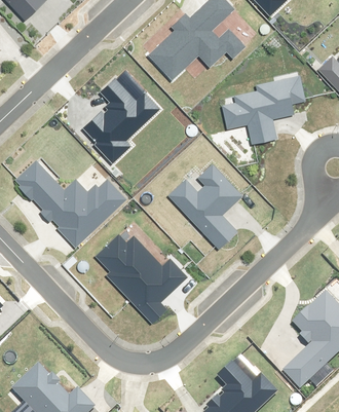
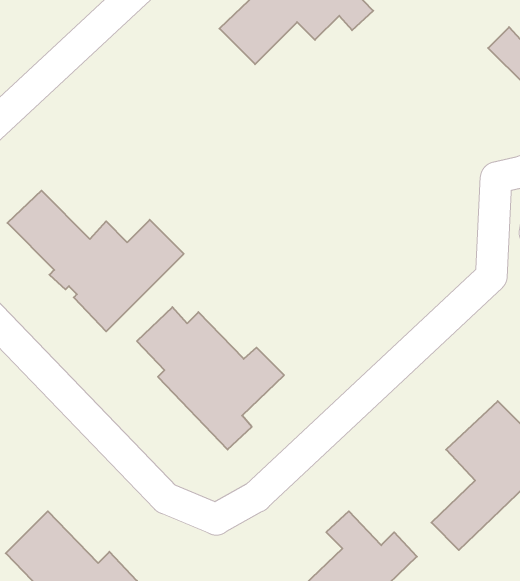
building: [224,75,304,141] -> none
building: [80,77,159,161] -> none
building: [168,162,241,246] -> none

